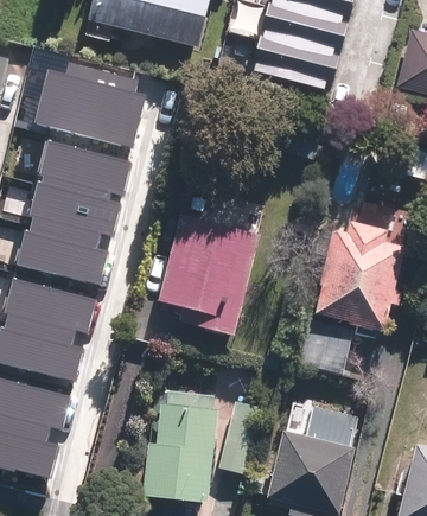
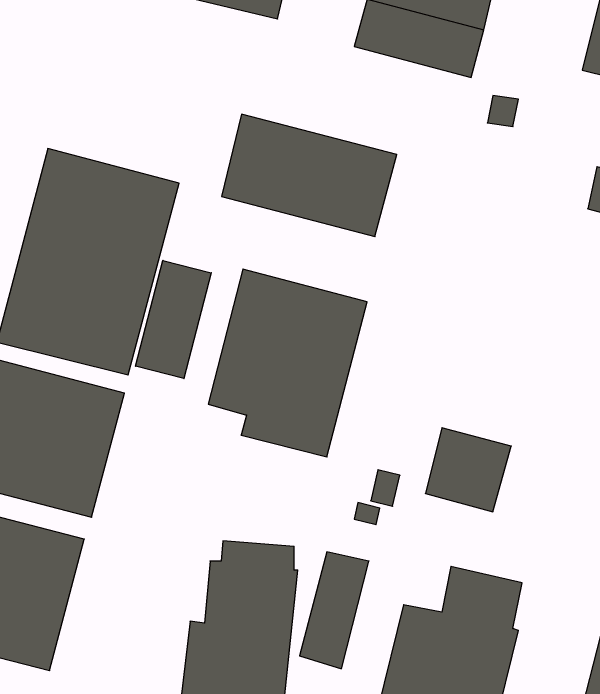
building: [34,62,148,141] -> [222,114,397,237]
building: none -> [136,260,211,379]
building: [314,223,404,332] -> none

